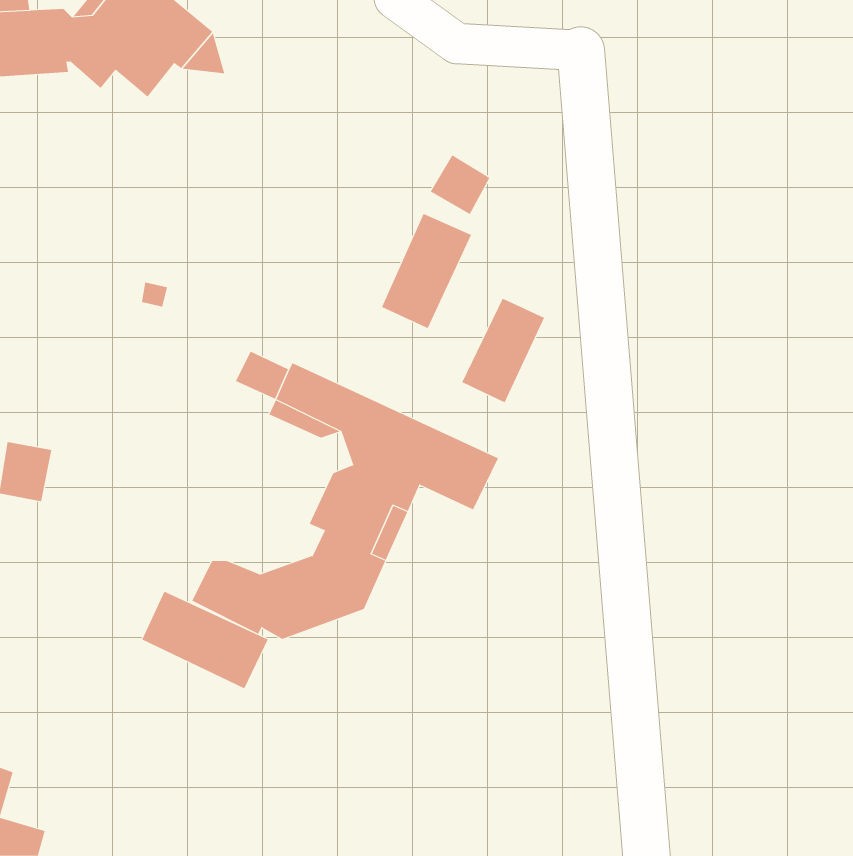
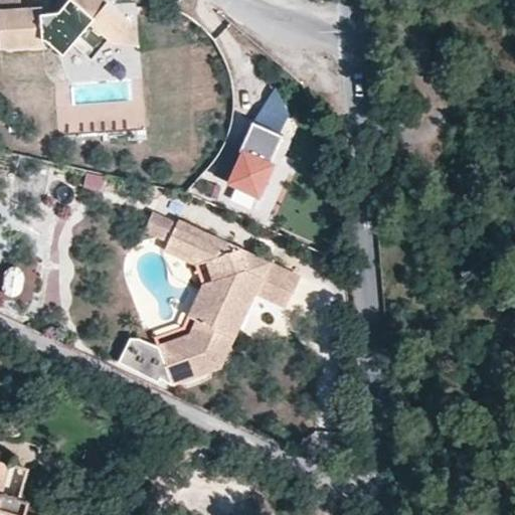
building: [462,298,545,403] -> none
building: [141,591,269,689] -> none

